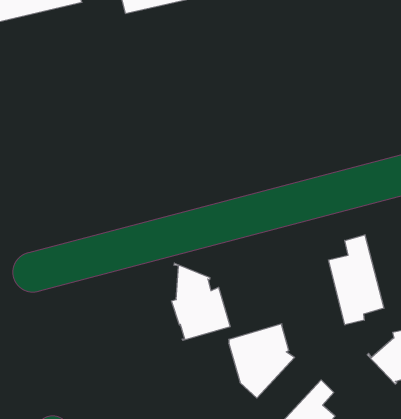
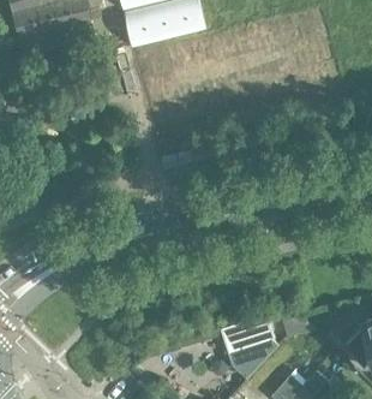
building: [329,235,384,325] -> none
building: [172,263,230,340] -> none

